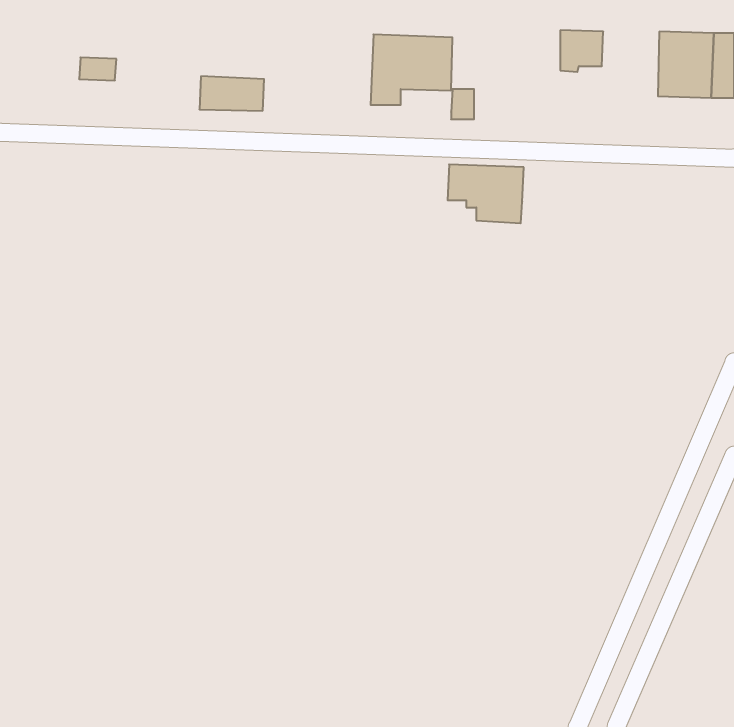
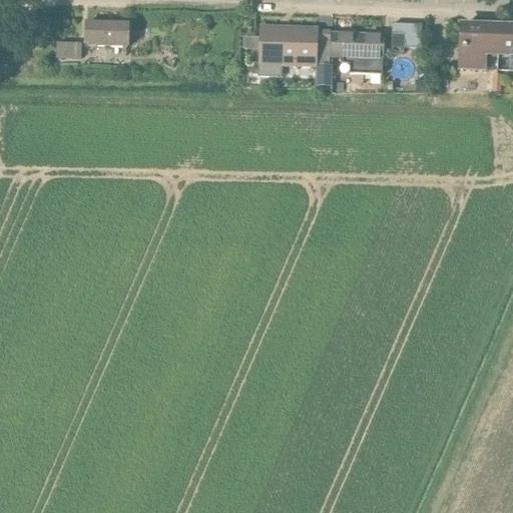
building: [199,76,264,111] -> [83,20,128,44]
building: [448,164,524,223] -> [330,30,383,71]

